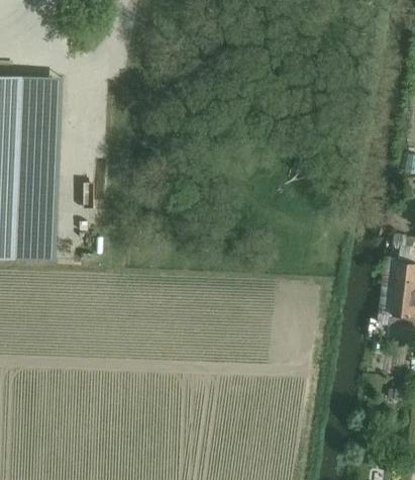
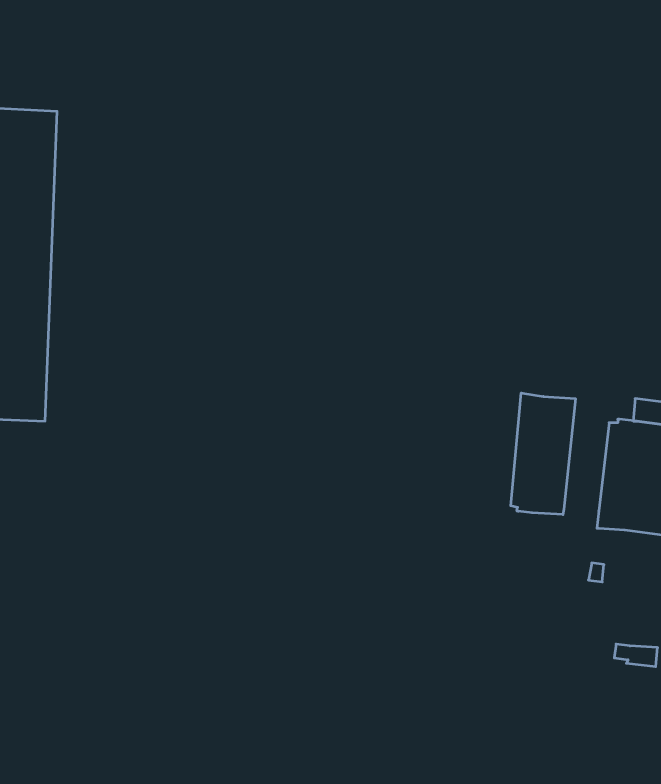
building: none -> [511,393,575,515]

